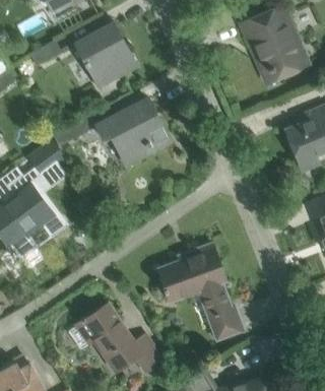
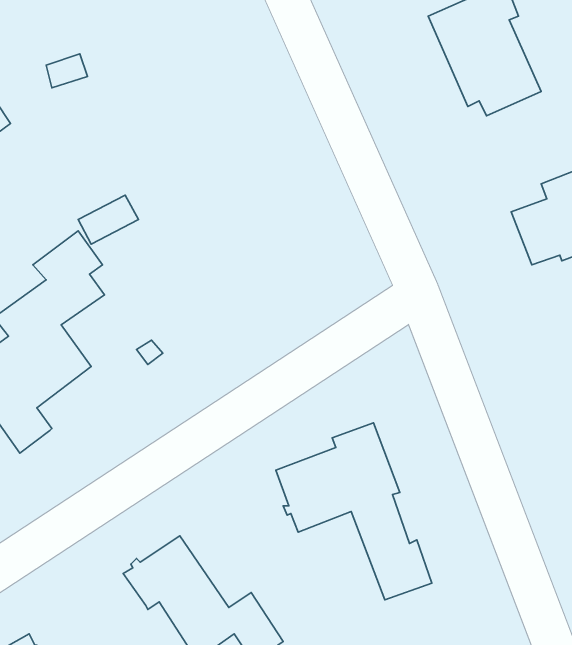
building: [75,23,136,79] -> none
building: [96,99,170,154] -> none

